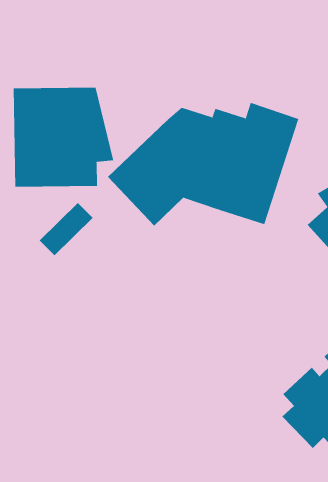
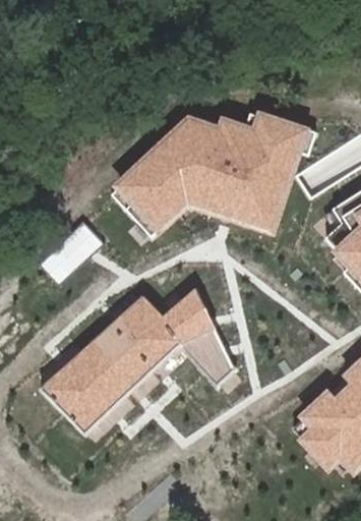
building: [13,87,114,187] -> none
building: none -> [41,283,231,430]

